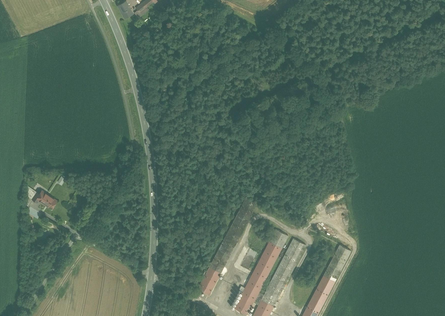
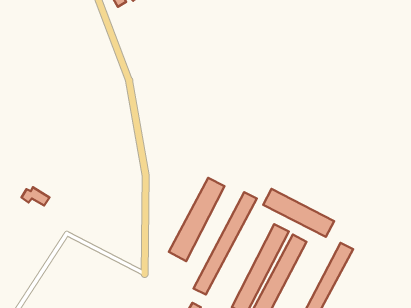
building: none -> [169,178,224,261]
building: none -> [263,189,334,237]

